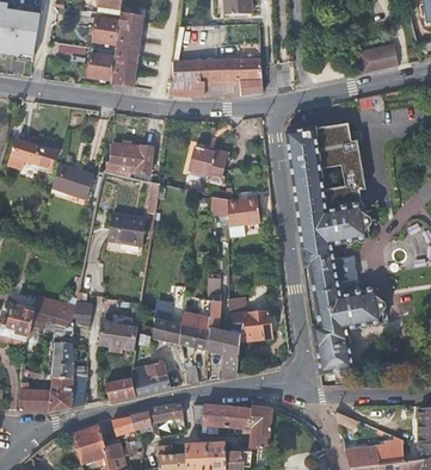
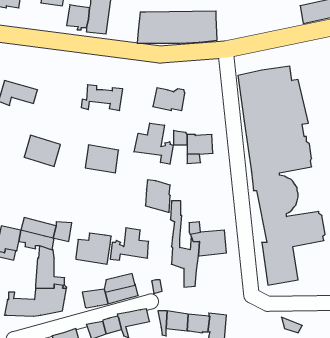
building: [53,162,94,198] -> [24,135,60,166]
building: none -> [134,123,173,164]
building: [181,313,210,350] -> [145,180,170,212]

